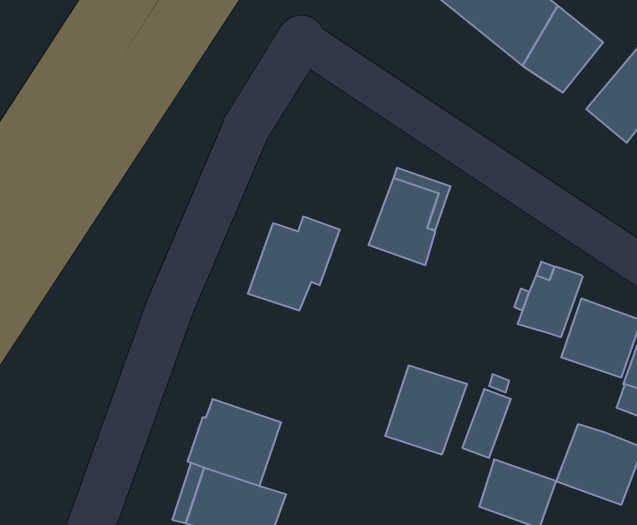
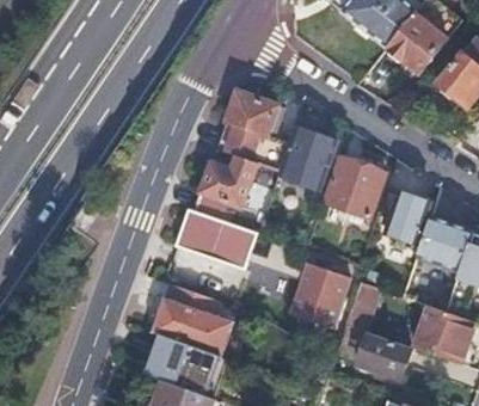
building: none -> [215,93,288,173]
building: none -> [325,160,386,220]
building: none -> [176,210,260,269]

